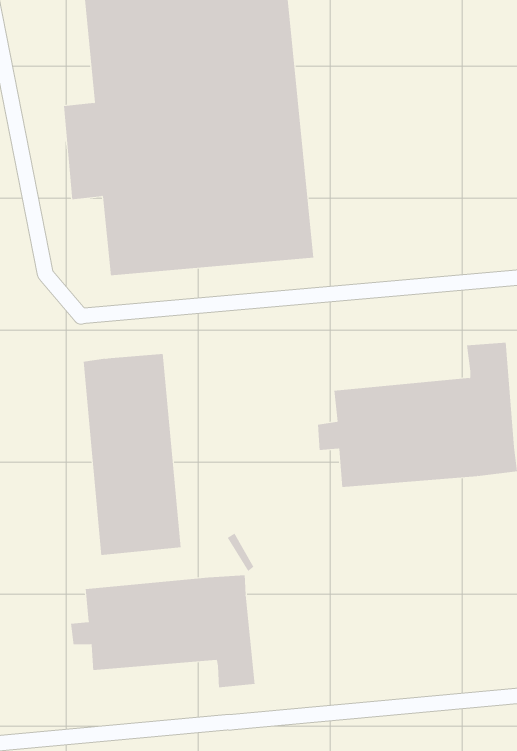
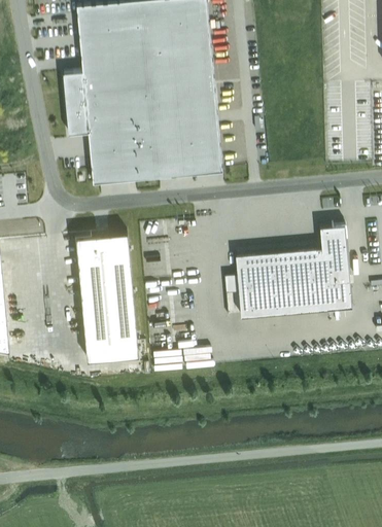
building: [71,574,255,688] -> none

